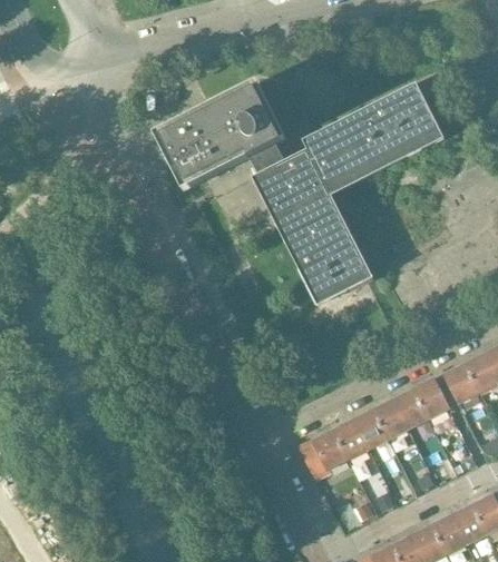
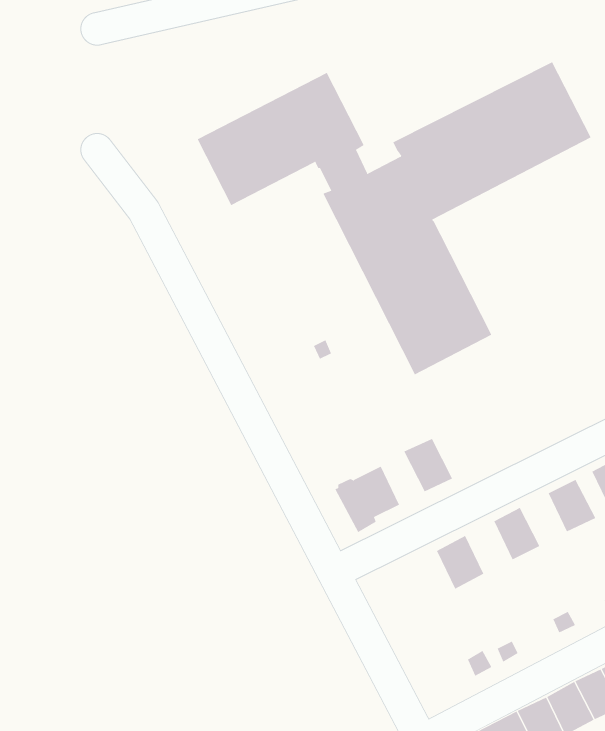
building: none -> [404,438,453,492]
building: [392,390,426,427] -> none
building: [353,410,387,447] -> none
building: [299,431,345,479] -> [335,466,400,533]

